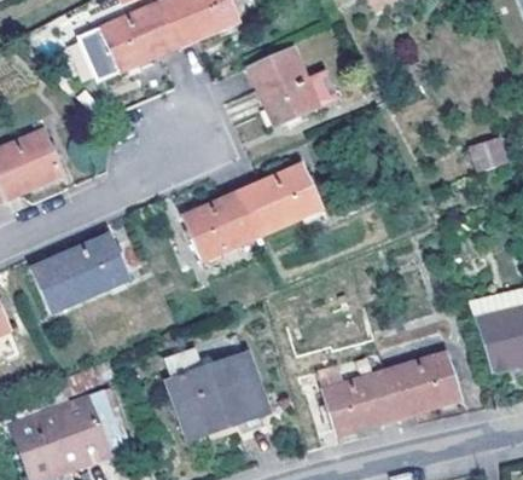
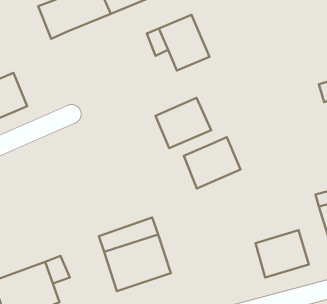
building: [182,190,262,262] -> [184,137,240,188]
building: [31,233,129,314] -> none
building: [321,370,397,436] -> none

